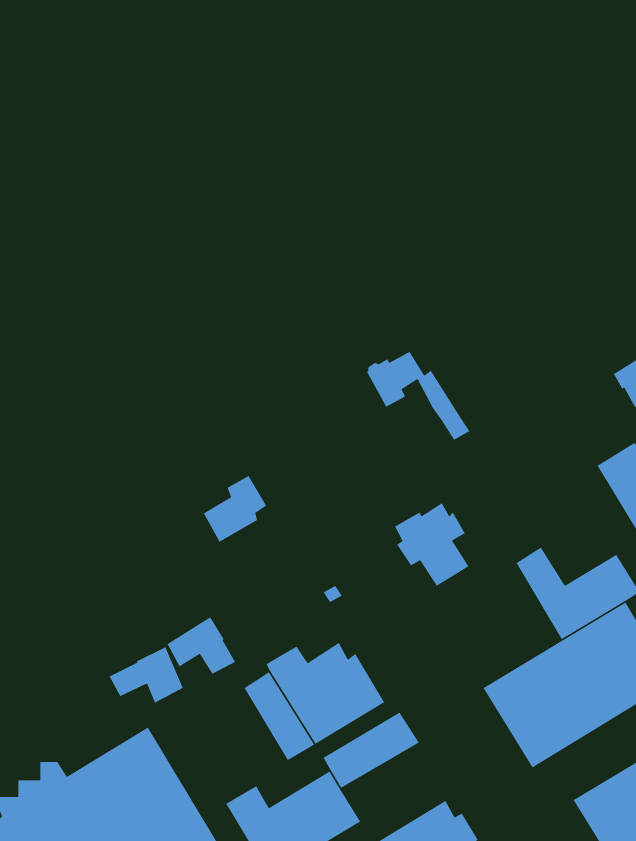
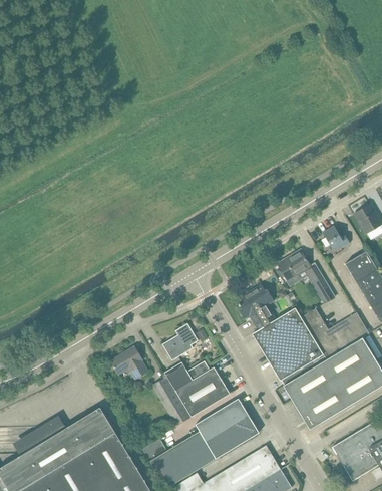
building: [366,351,470,441] -> [278,253,335,302]
building: none -> [321,226,350,250]
building: [203,475,267,543] -> [162,323,198,360]
building: none -> [252,308,323,381]
building: [109,646,184,704] -> none
building: none -> [206,416,259,459]

